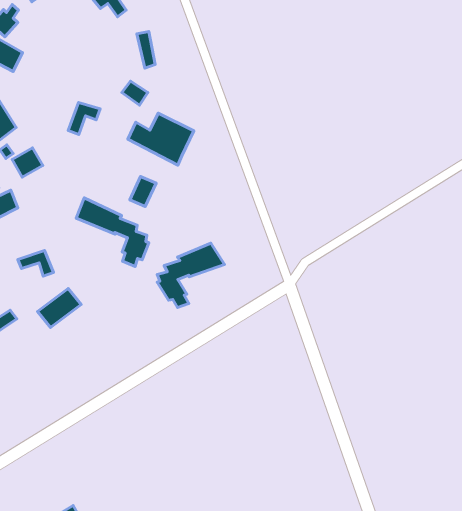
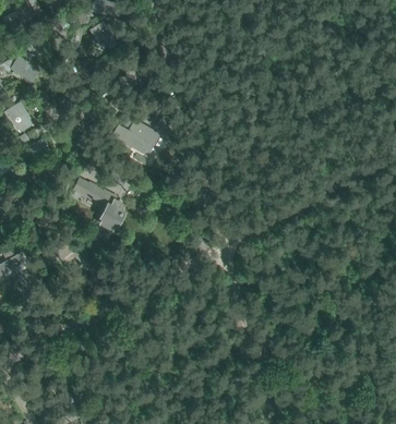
building: [157,243,224,308] -> none

